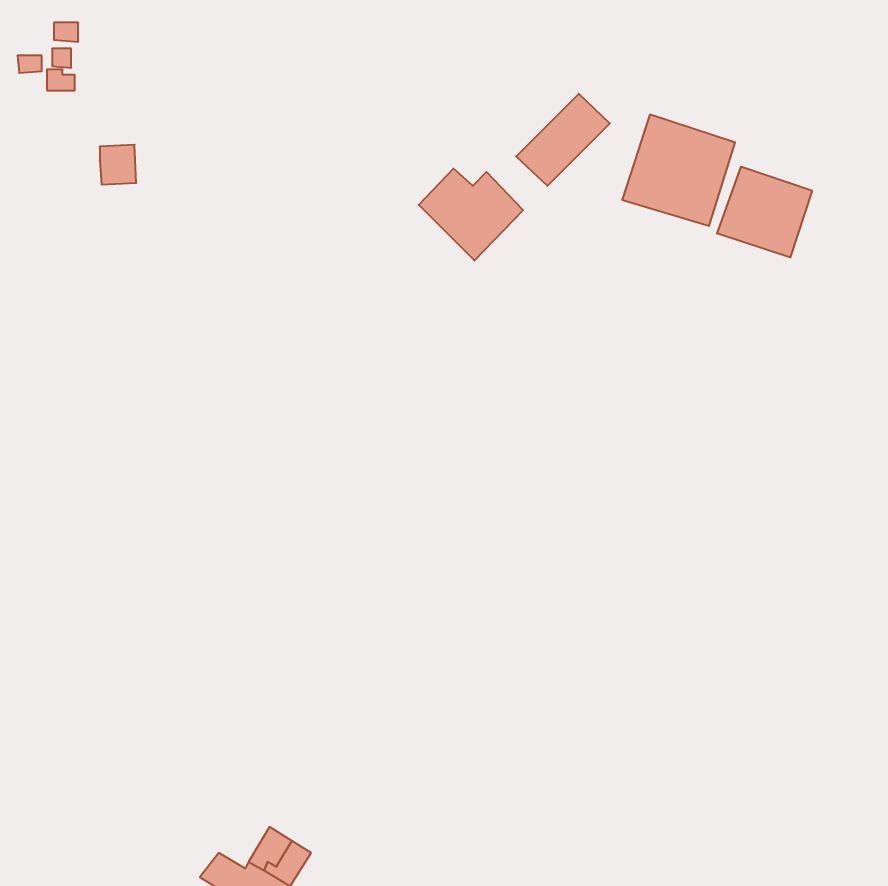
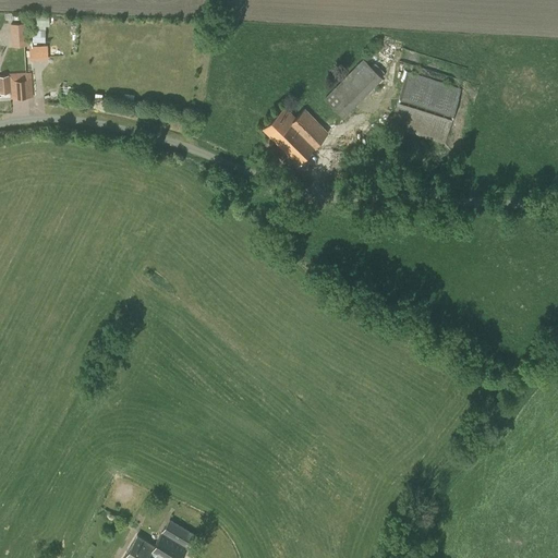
building: [100,145,136,185] -> [10,74,33,99]
building: [717,167,812,258] -> none

